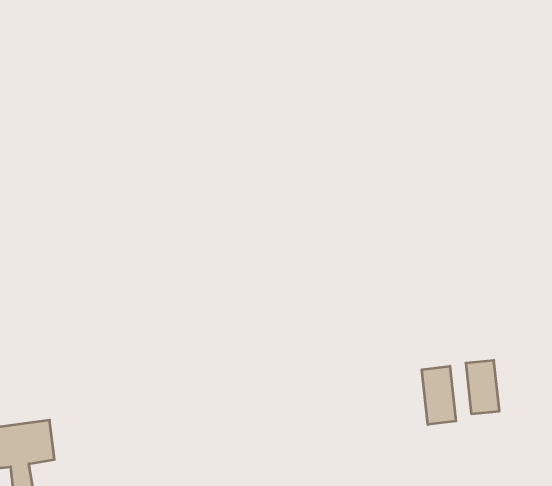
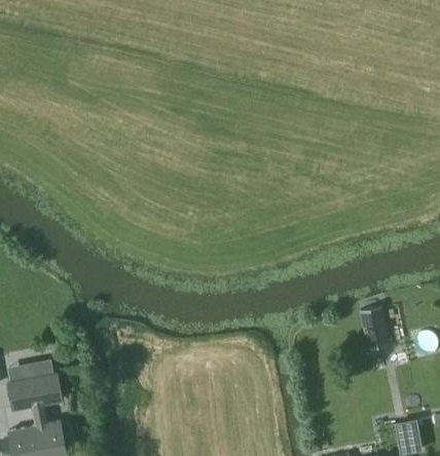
building: [422,366,456,425] -> none

